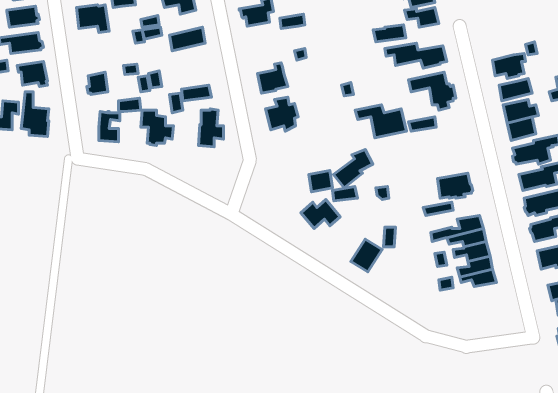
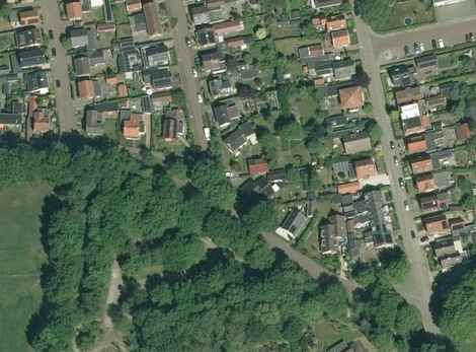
building: none -> [202,49,226,72]
building: none -> [75,51,105,76]
building: none -> [143,68,172,89]
building: [355,105,406,138] -> [331,128,371,153]
building: [334,150,373,188] -> [225,123,255,152]
building: none -> [321,216,345,253]

